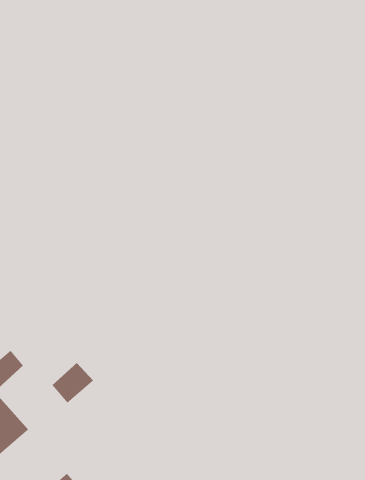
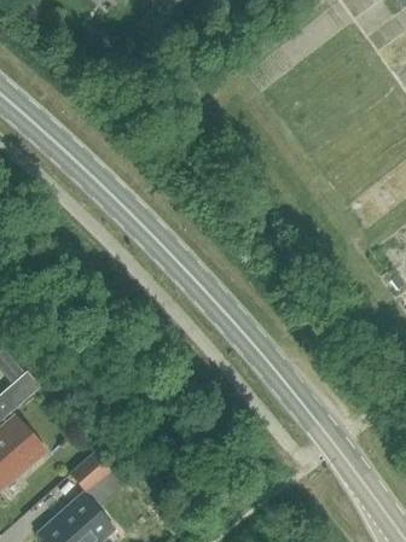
building: [52,362,94,403] -> [70,449,112,490]

